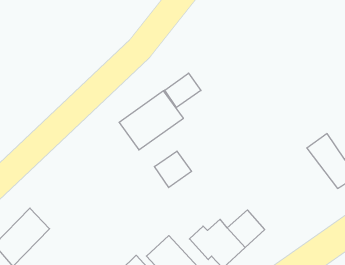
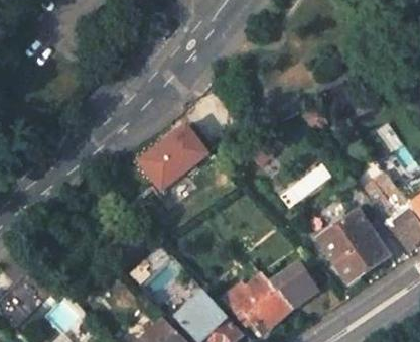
building: [165,73,201,108] -> none
building: [154,151,192,188] -> none
building: none -> [318,210,387,280]

